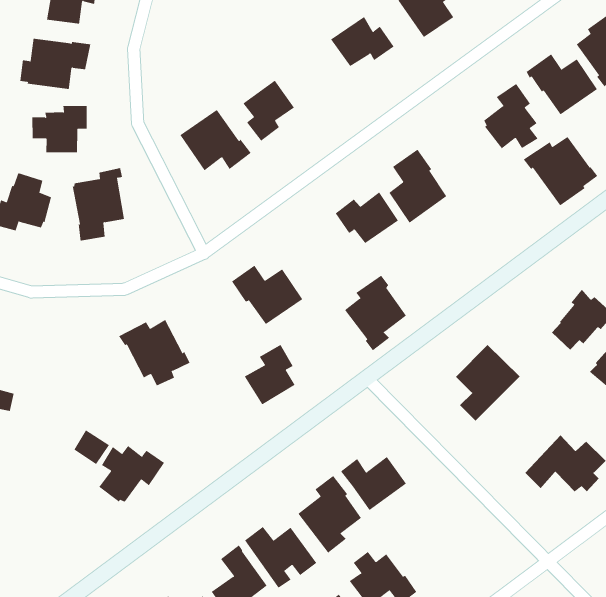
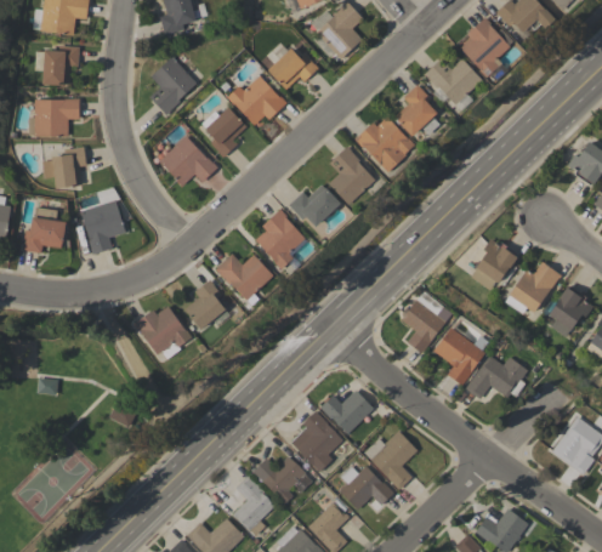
building: none -> [149,56,197,114]
building: none -> [227,75,286,125]
building: [523,136,598,206] -> [354,116,415,172]
building: [344,275,407,351] -> [255,209,305,269]
building: [244,344,295,405] -> [184,279,226,329]
building: none -> [433,328,488,385]
building: [99,445,165,503] -> none
building: none -> [364,429,418,490]

